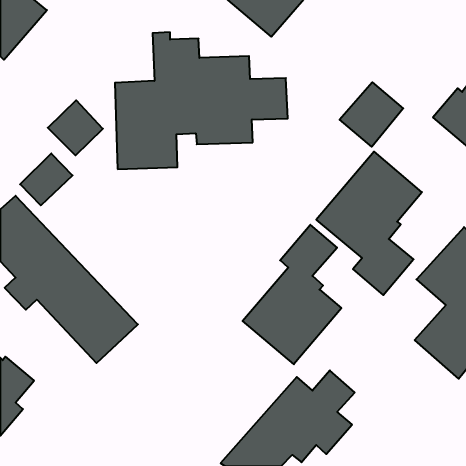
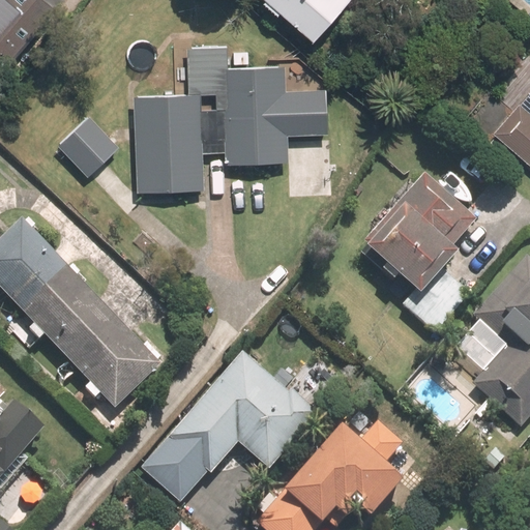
building: [340,82,403,147] -> none
building: [20,153,73,205] -> none
building: [243,225,341,364] -> none
building: none -> [139,349,317,505]

